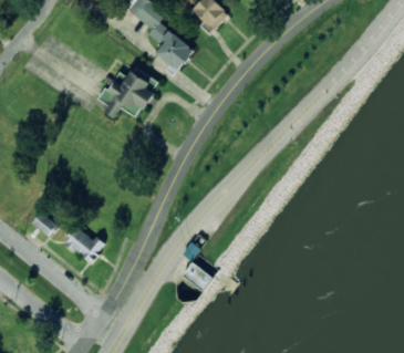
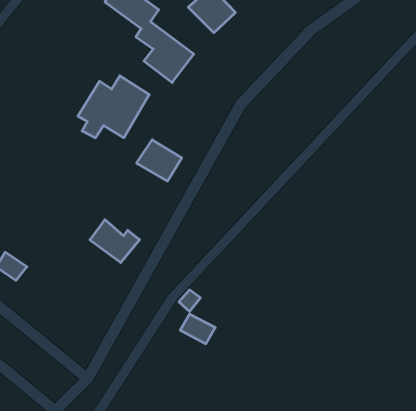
building: none -> [137,140,182,181]
building: [65,227,106,262] -> [90,220,140,263]

